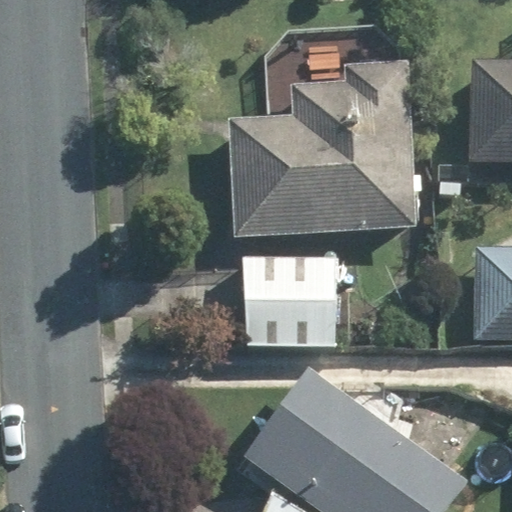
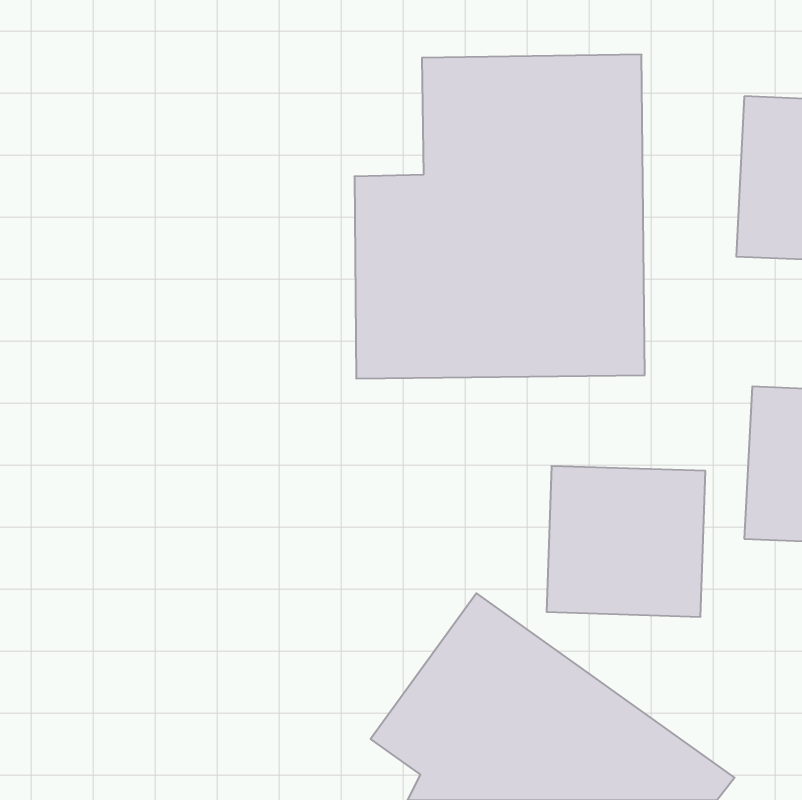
building: [239,254,338,348] -> [547,466,705,617]

